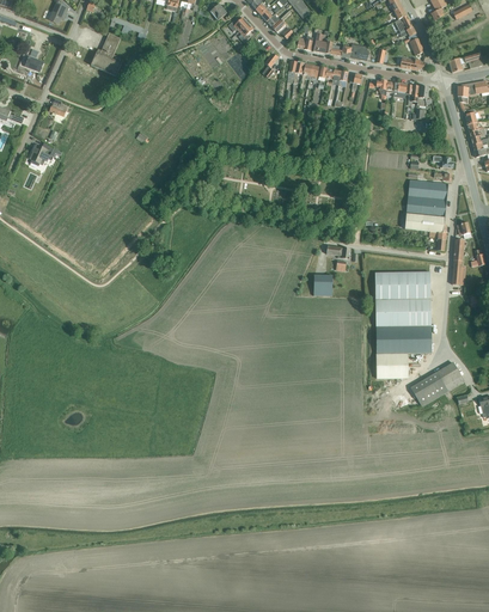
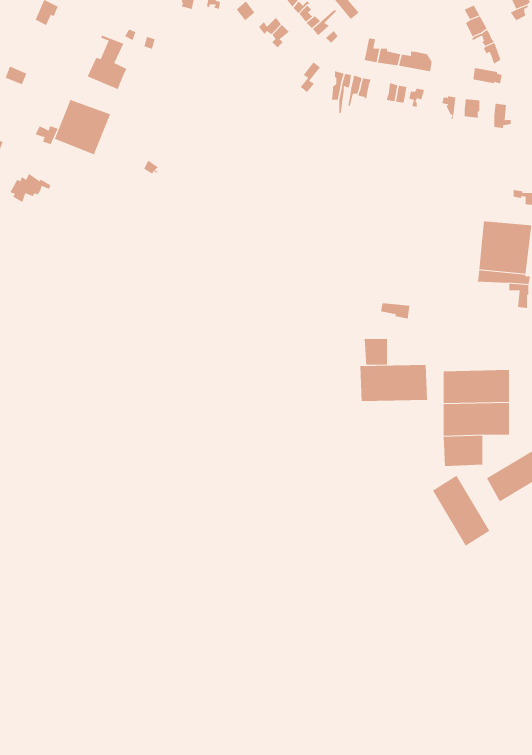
building: none -> [54,99,111,155]
building: [375,270,430,300] -> [359,364,428,402]
building: none -> [432,475,490,547]

